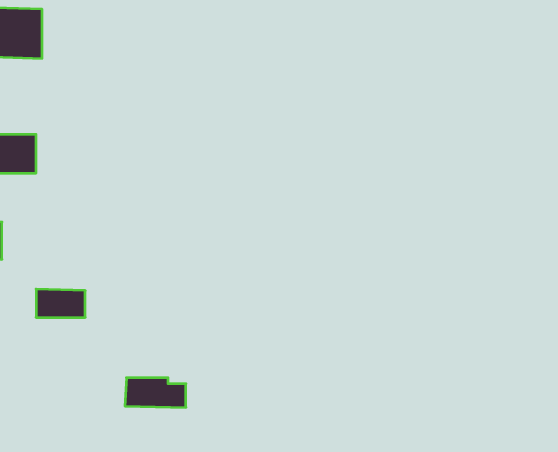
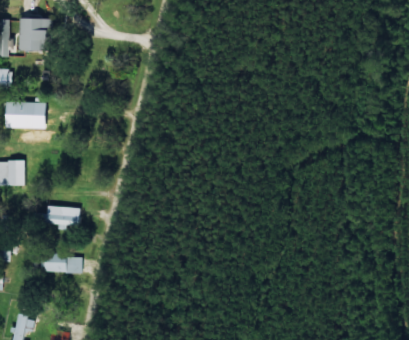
building: [125,378,186,407] -> [39,253,80,273]

